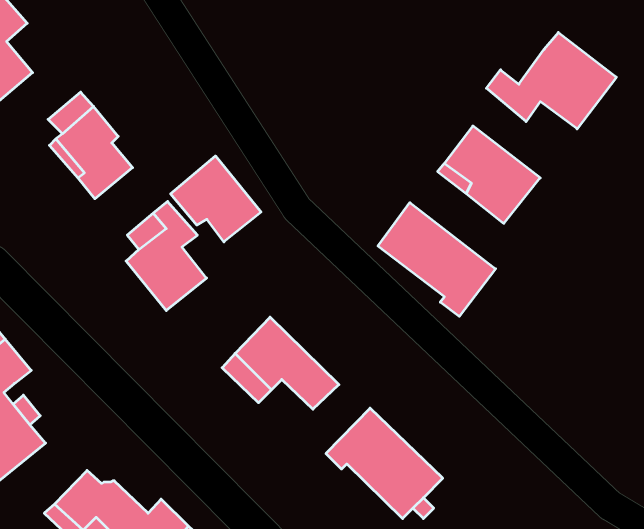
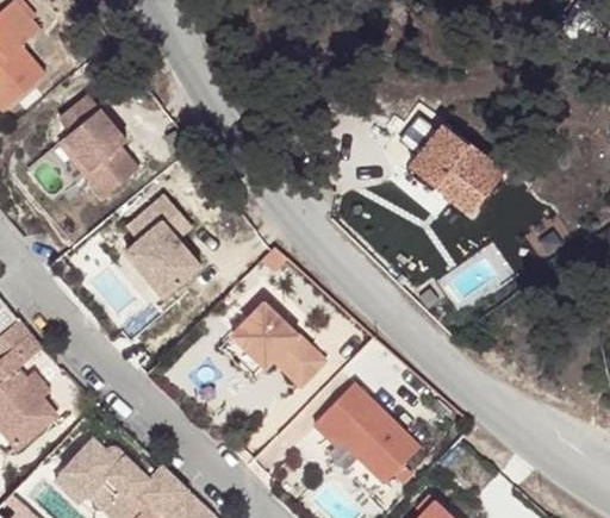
building: [486,32,616,129] -> none
building: [171,156,261,242] -> none
building: [378,203,496,316] -> none

